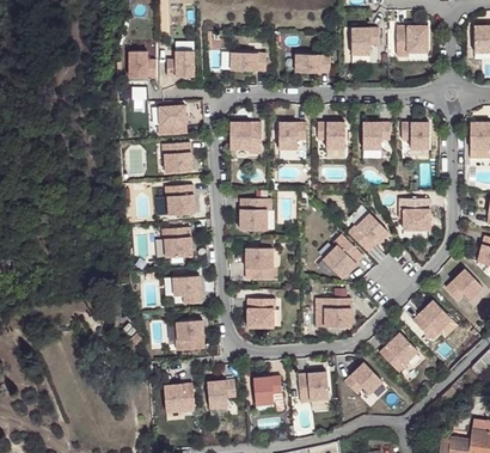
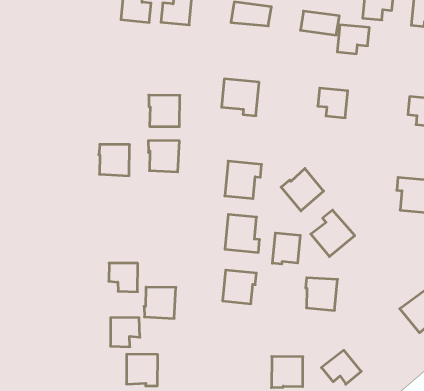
building: [158,105,186,136] -> none
building: [278,123,306,149] -> none
building: [362,123,390,148] -> [337,25,369,54]
building: [348,213,387,252] -> [281,168,324,211]
building: [163,227,192,257] -> [99,144,130,176]
building: none -> [272,233,300,264]
building: [173,275,202,302] -> [109,263,138,292]
building: [379,332,417,372] -> none
building: [253,375,282,404] -> none
building: [208,379,237,408] -> [110,318,140,347]

